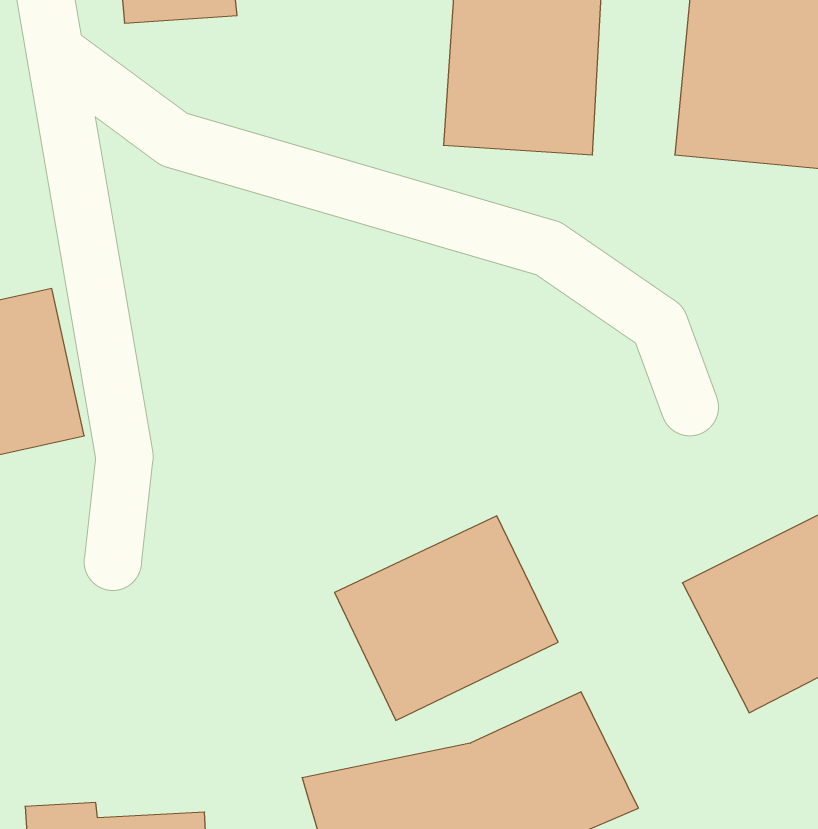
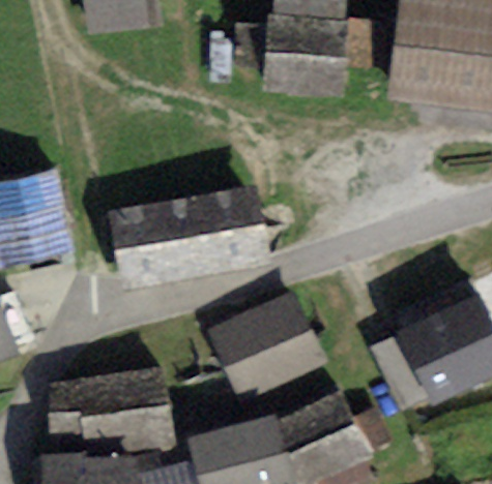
building: none -> [107,183,273,291]
building: none -> [45,371,171,450]

